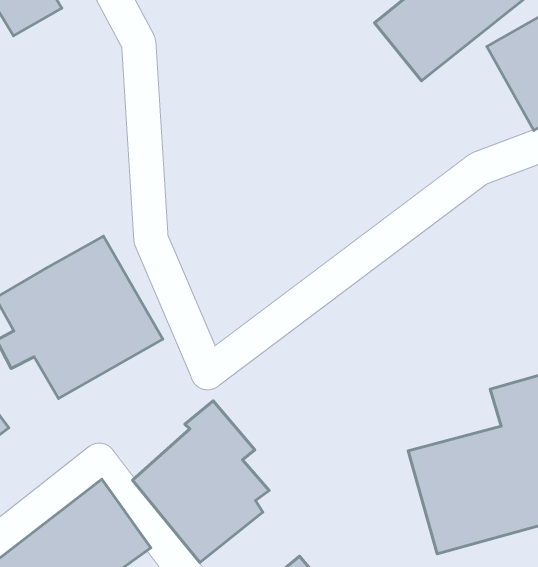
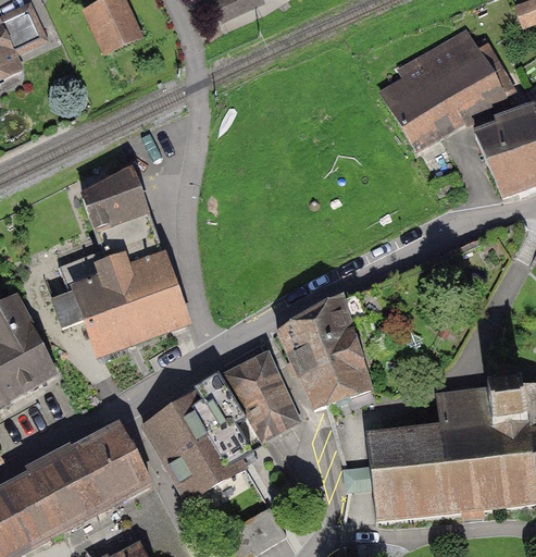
building: none -> [84,171,151,248]
building: none -> [279,296,372,408]
building: none -> [226,352,300,440]

